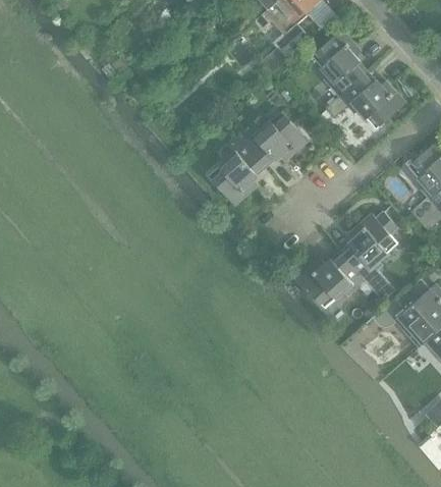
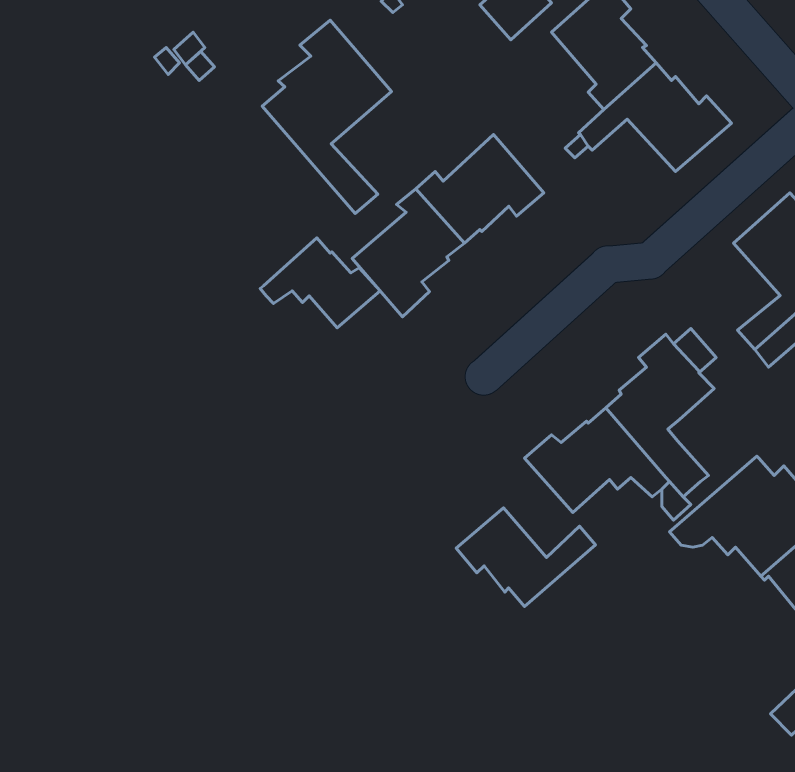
building: none -> [262,20,391,214]
building: none -> [260,238,380,328]
building: none -> [456,508,596,606]

